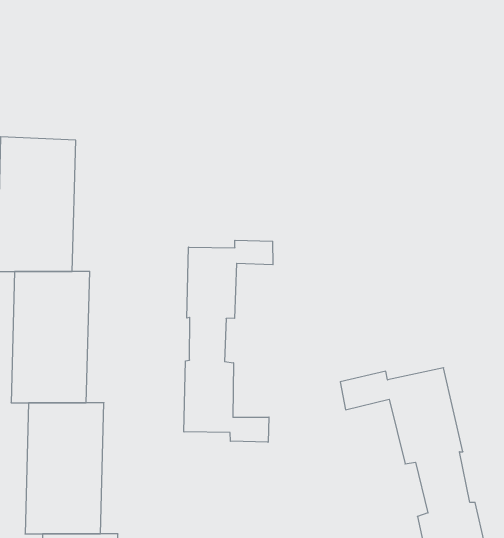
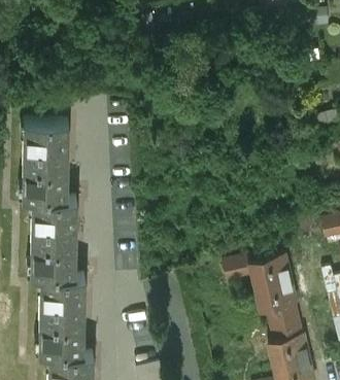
building: [184,240,273,442] -> none

